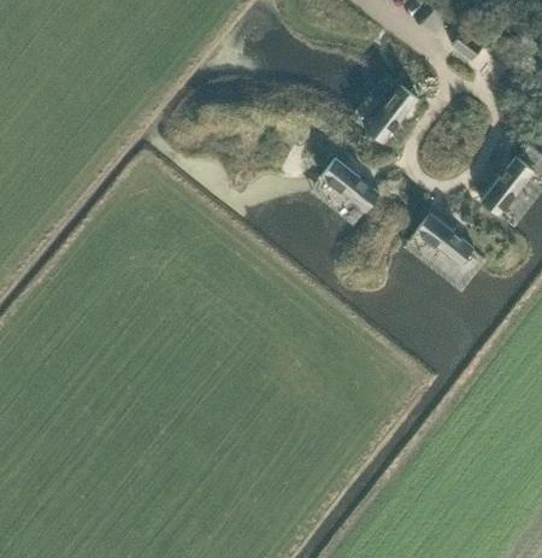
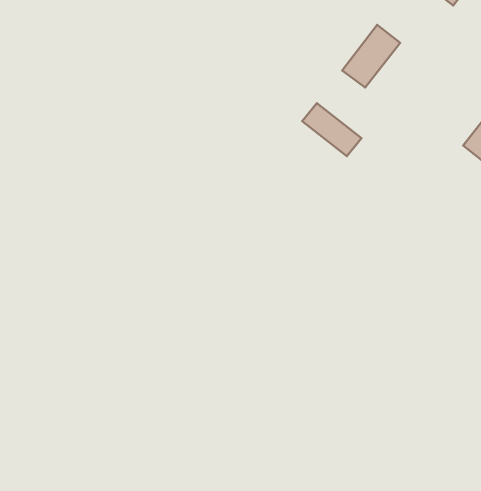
building: [413,215,476,272] -> none

